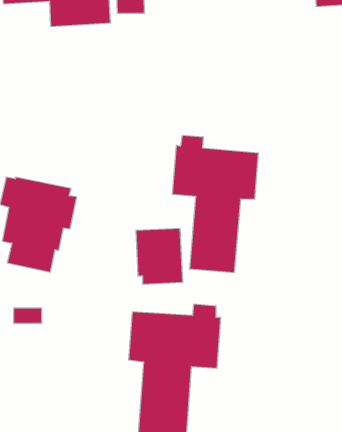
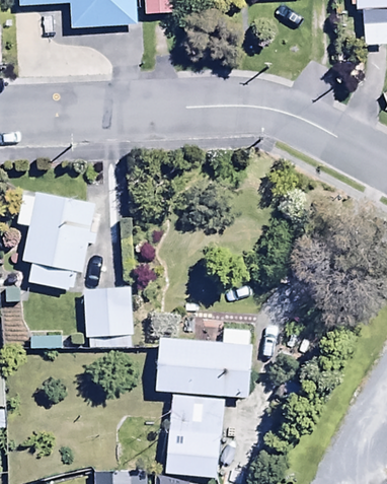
building: [172,135,258,273] -> none
building: [136,229,183,284] -> [83,288,134,348]

